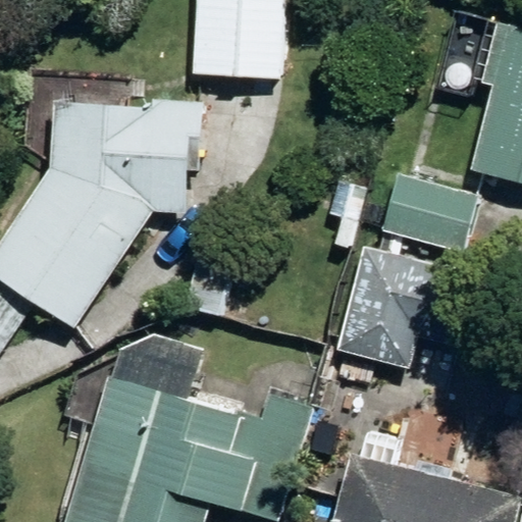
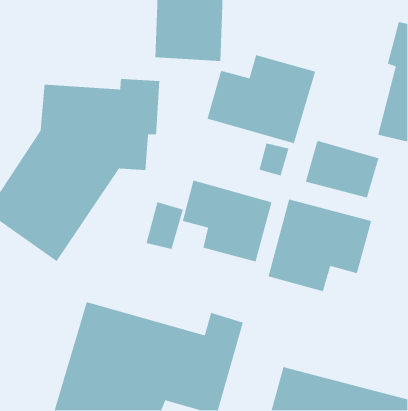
building: none -> [207,54,316,144]
building: none -> [182,180,272,262]

